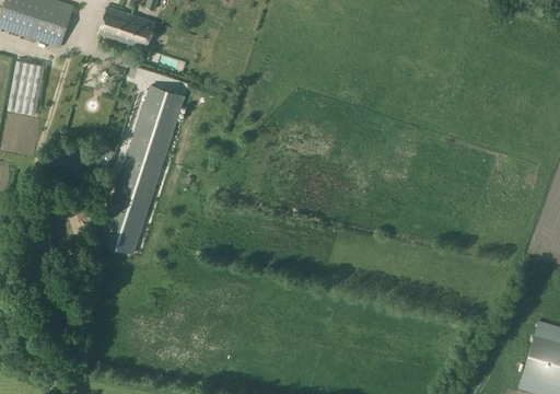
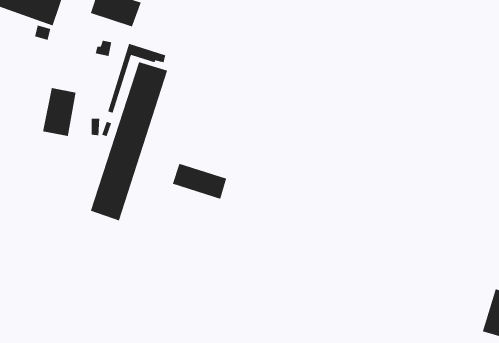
building: [8,61,45,115] -> [42,87,77,137]
building: none -> [172,163,227,200]

